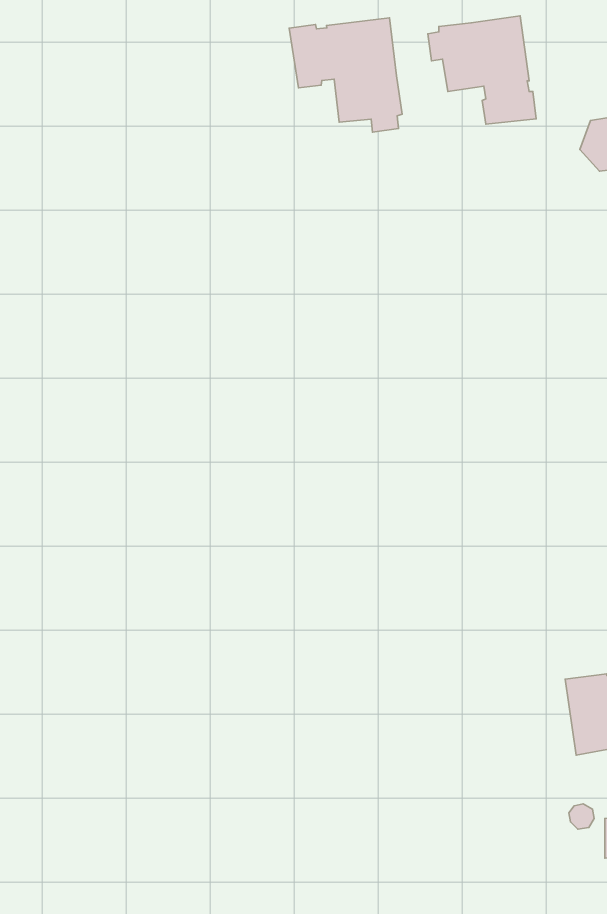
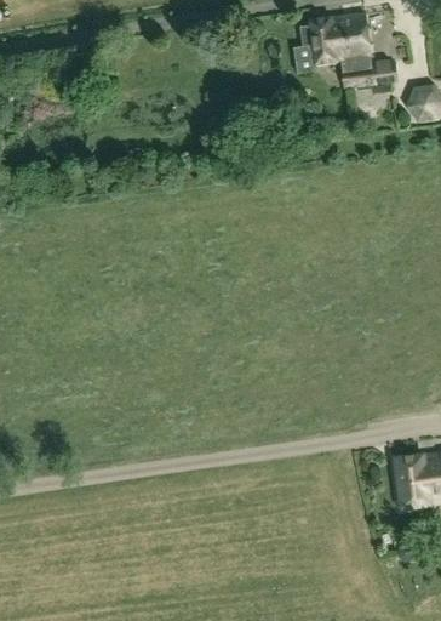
building: [289,18,402,132] -> none

